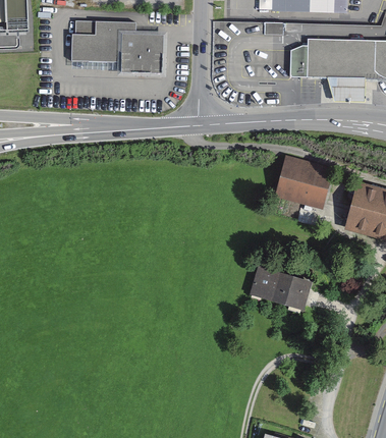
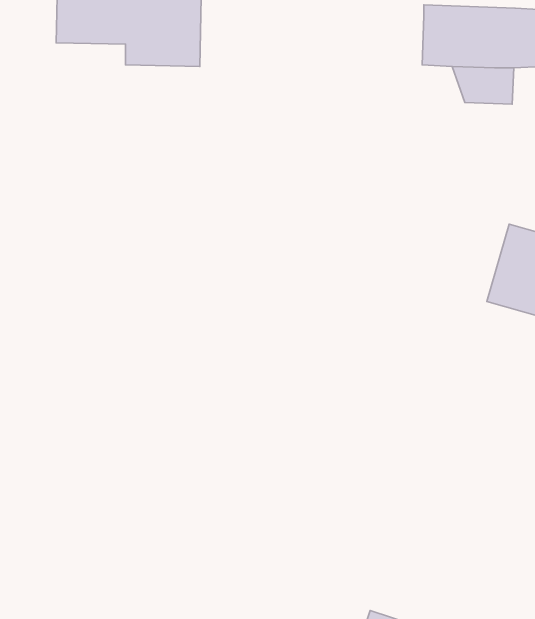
building: [287,44,306,76] -> none
building: [276,154,333,208] -> none
building: [246,265,313,309] -> none

